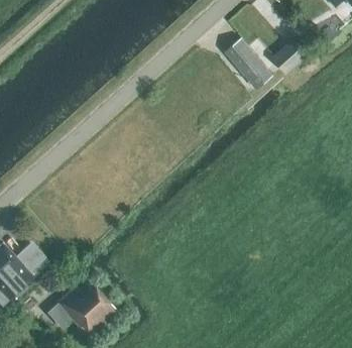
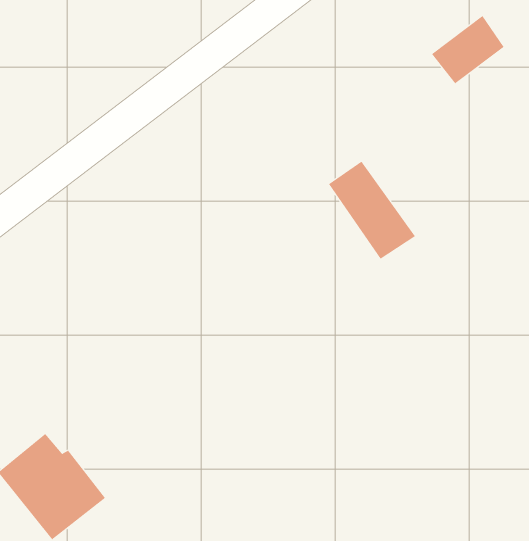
building: [223,37,272,90] -> [328,161,416,259]

